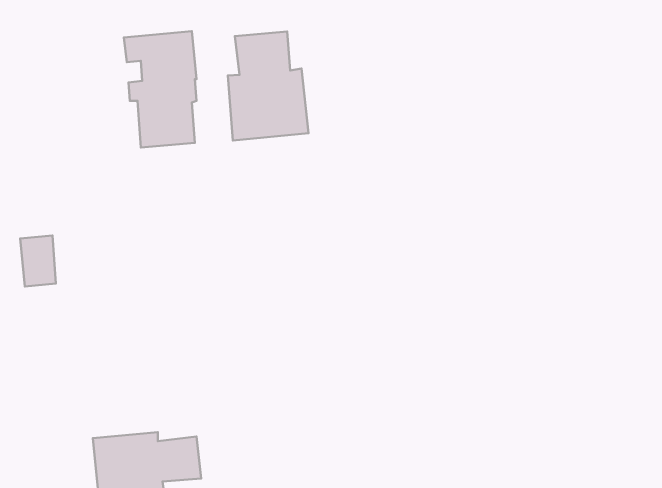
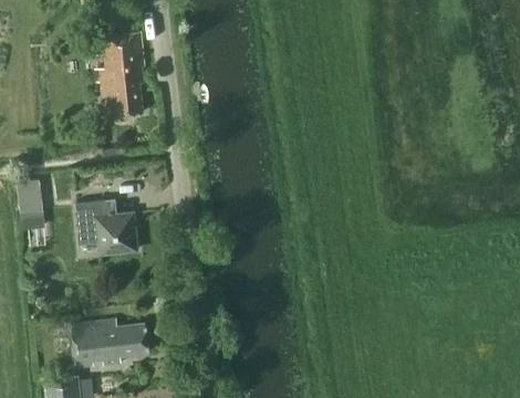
building: [228,32,309,141] -> none
building: none -> [75,200,137,255]

